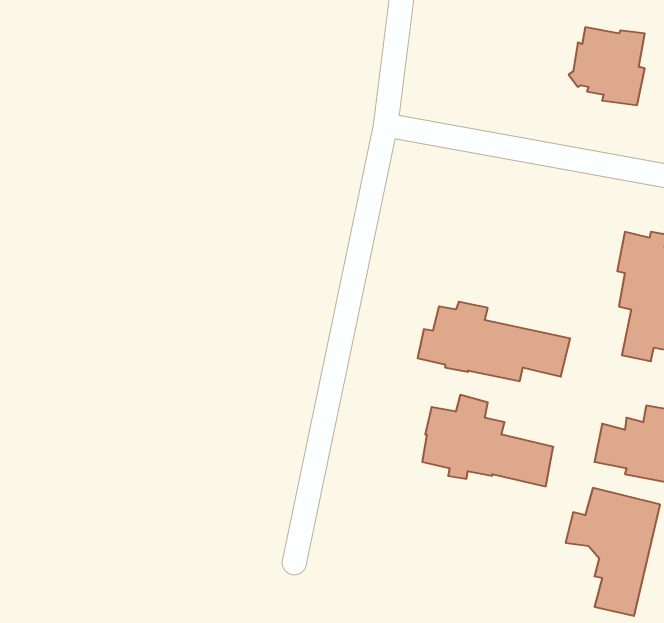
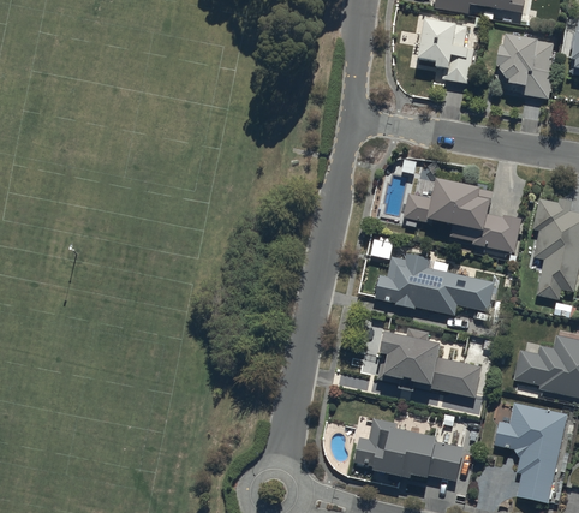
building: none -> [418,20,473,83]
building: none -> [402,181,521,252]
building: none -> [351,416,462,479]

